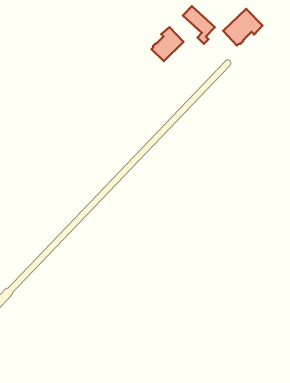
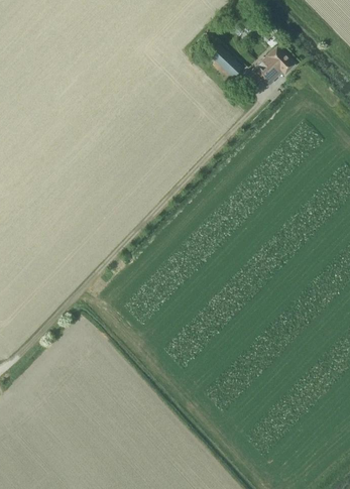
building: [151,27,183,61] -> none

